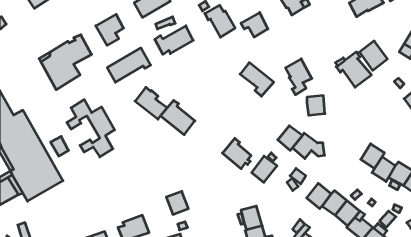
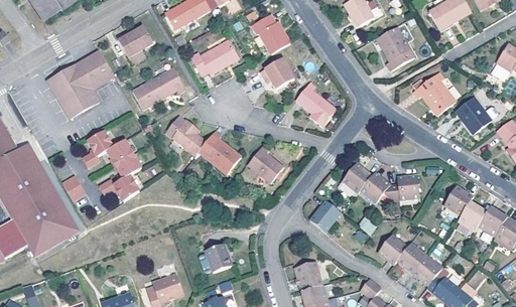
building: [241,12,268,37] -> [260,58,293,89]
building: [359,41,387,70] -> [457,98,491,134]
building: [286,59,312,95] -> [378,26,410,70]
building: [307,96,325,115] -> [397,175,419,199]
building: [222,138,251,169] -> [247,146,282,183]

